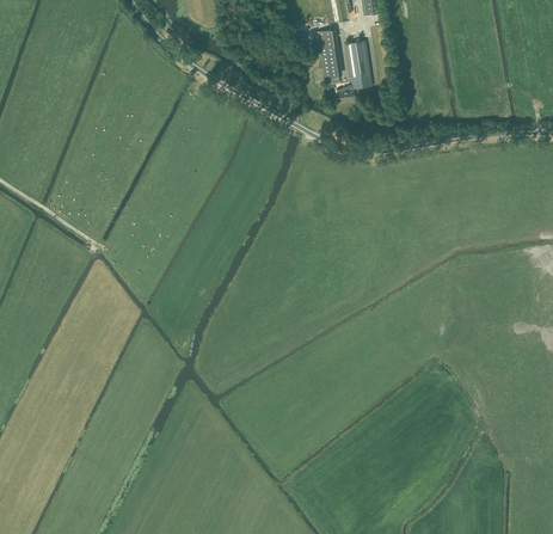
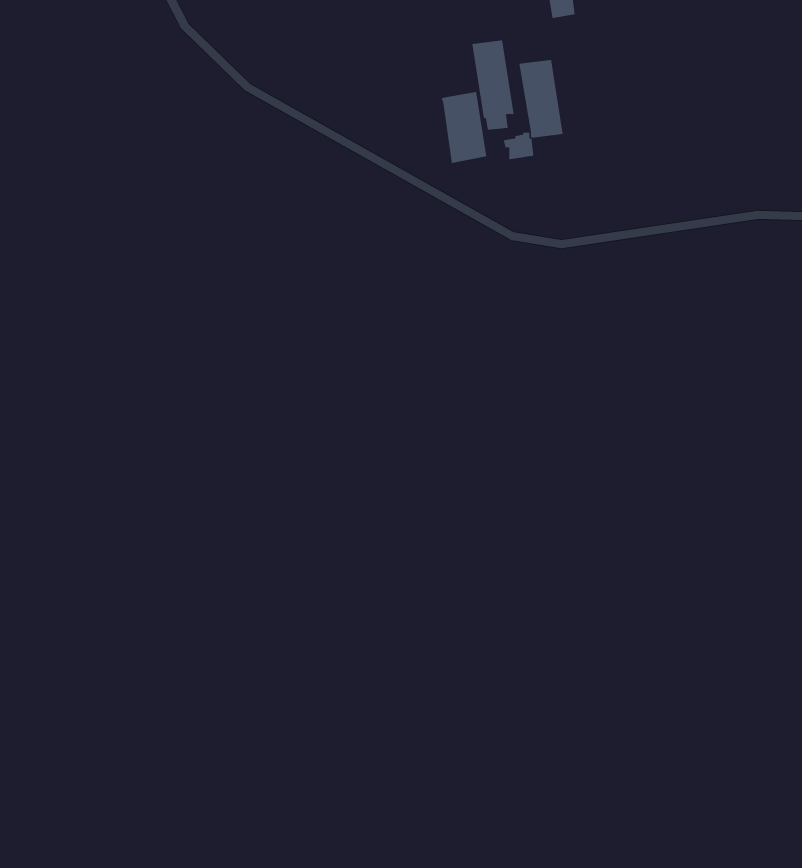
building: none -> [441,91,487,164]

